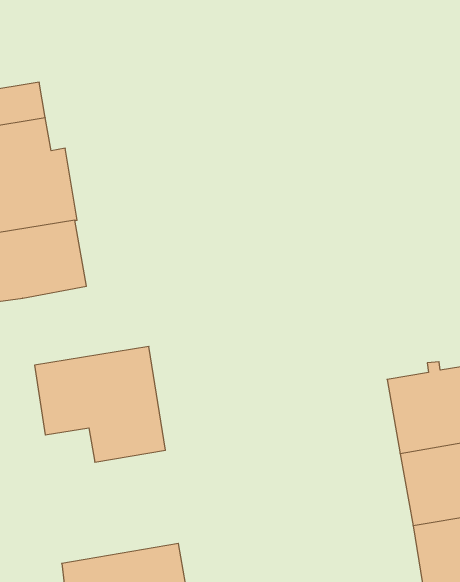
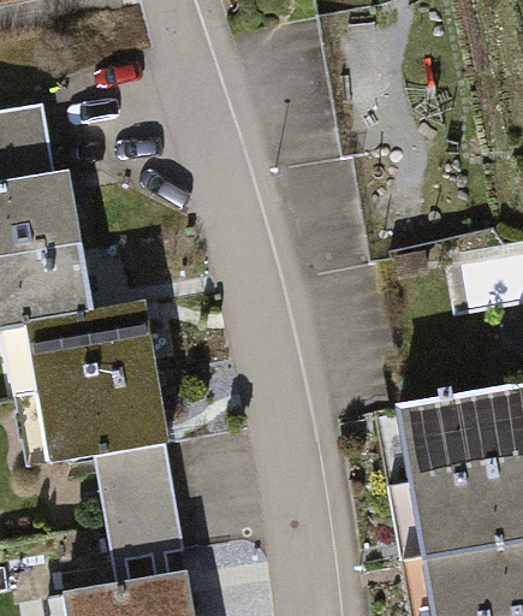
building: none -> [26,303,155,392]
building: none -> [100,479,184,562]

